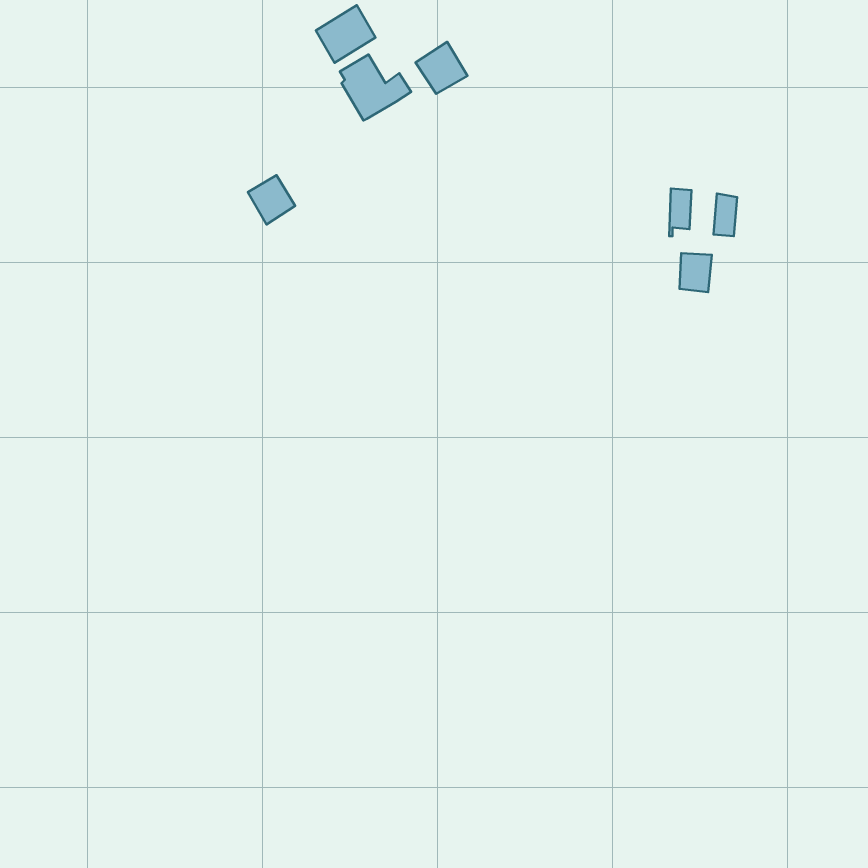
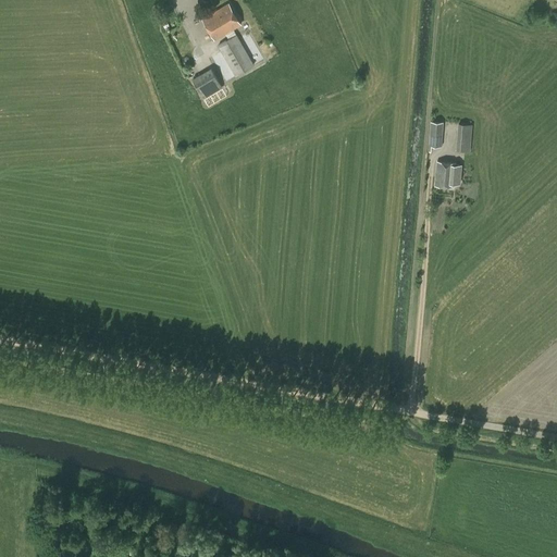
building: [416,42,467,94] -> none
building: [248,175,295,224] -> [191,67,222,99]

